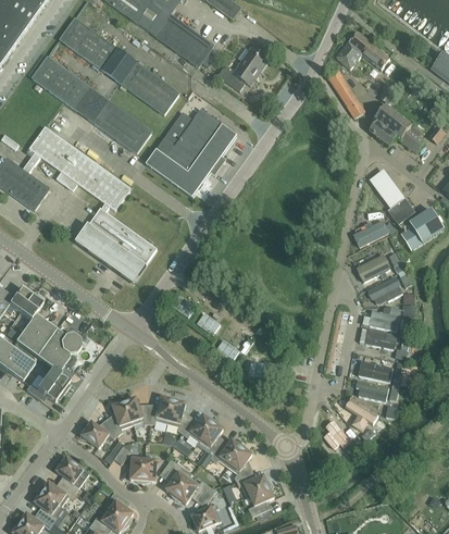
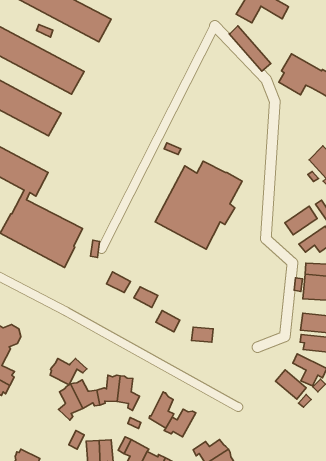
building: [216,46,267,90] -> none
building: [145,109,236,196] -> [155,161,242,249]
building: [370,170,401,204] -> none
building: [351,221,387,248] -> none
building: [180,413,213,440] -> none
building: [80,420,117,447] -> [50,358,87,385]
building: [226,444,251,480] -> none

